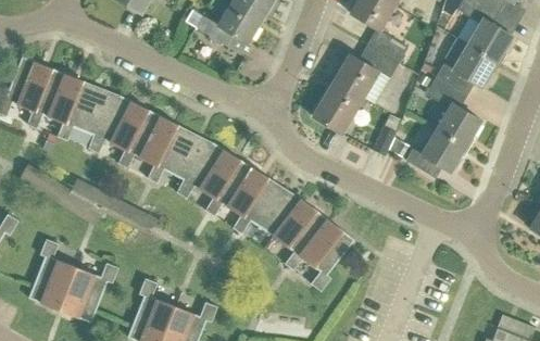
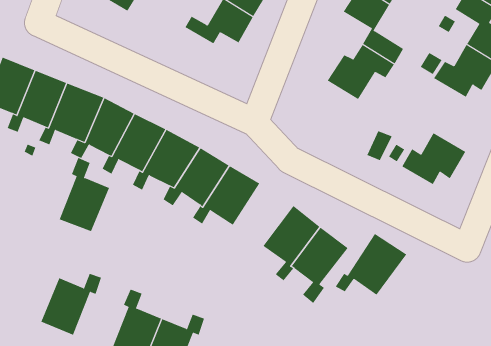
building: [426,76,482,147] -> none
building: [312,78,364,134] -> none
building: [231,177,301,237] -> [335,233,407,295]
building: [27,238,76,310] -> [59,157,110,232]

